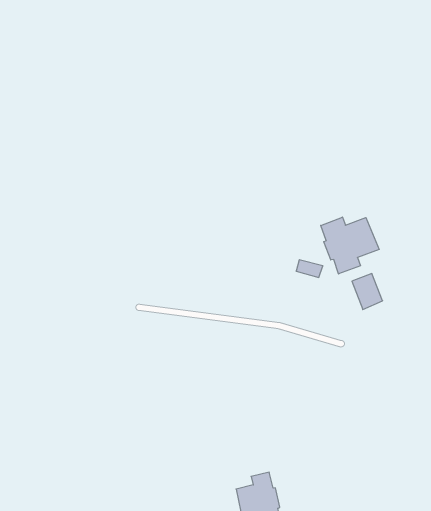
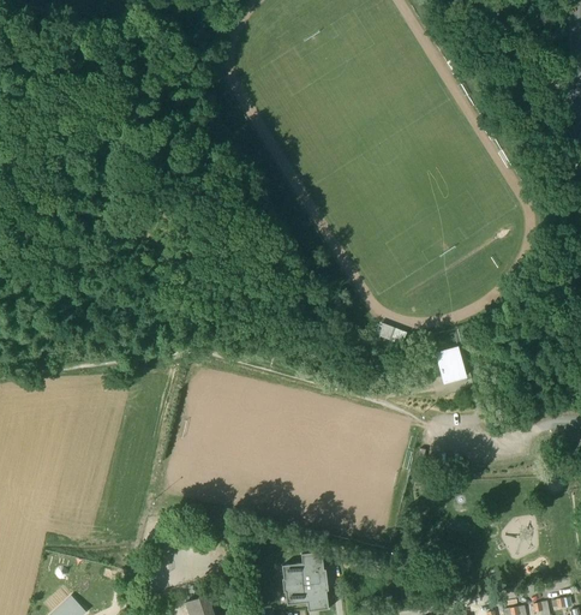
building: [321,217,379,274] -> none

